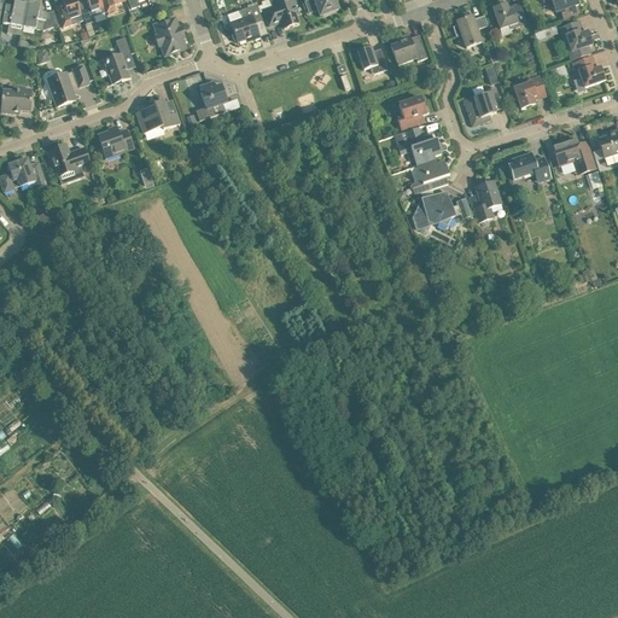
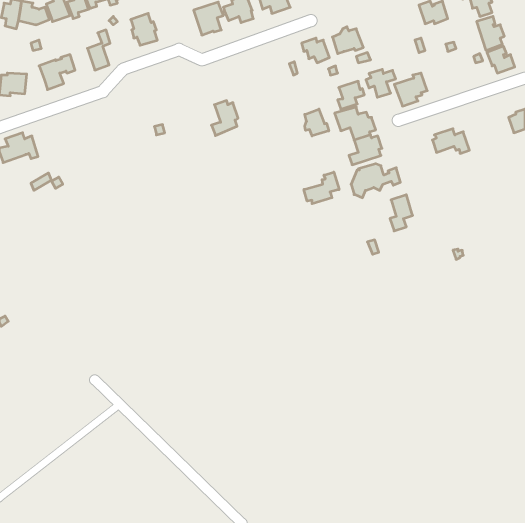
building: [451,13,486,46] -> [366,69,396,97]
building: [508,75,546,107] -> none
building: [194,80,226,121] -> [211,101,238,136]
building: [135,98,179,132] -> none
building: [97,124,132,156] -> none
building: none -> [305,109,329,136]
building: [550,135,594,173] -> none
building: [46,142,88,174] -> none
building: [473,179,500,221] -> [390,195,413,231]
building: none -> [304,172,339,204]

